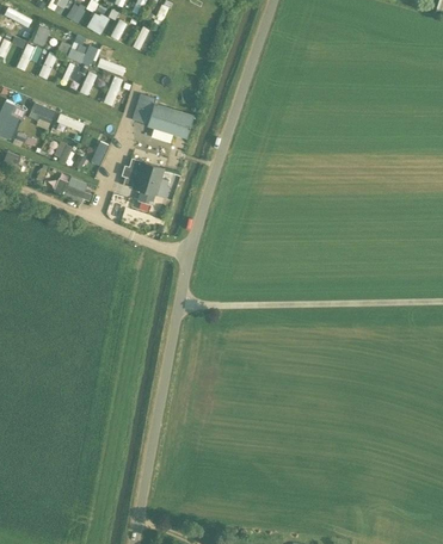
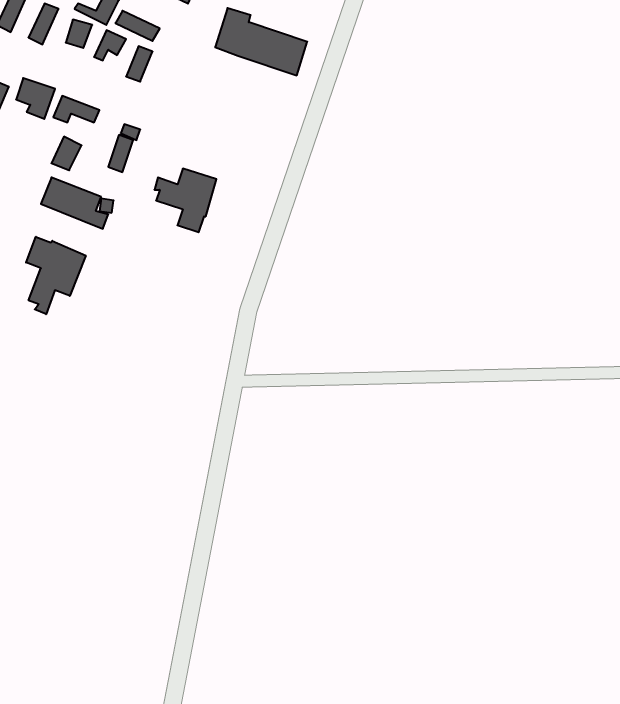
building: [133,93,195,138] -> [215,8,307,75]
building: none -> [26,237,86,314]

